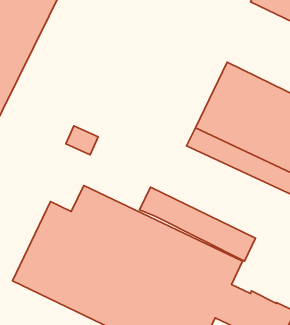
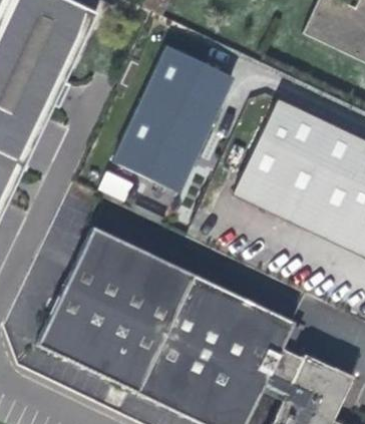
building: none -> [113,44,229,188]
building: none -> [81,226,118,266]
building: [140,187,255,261] -> none

